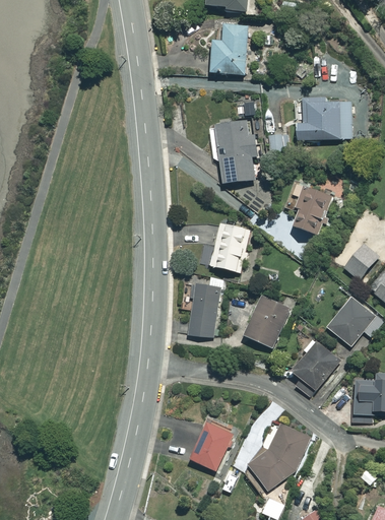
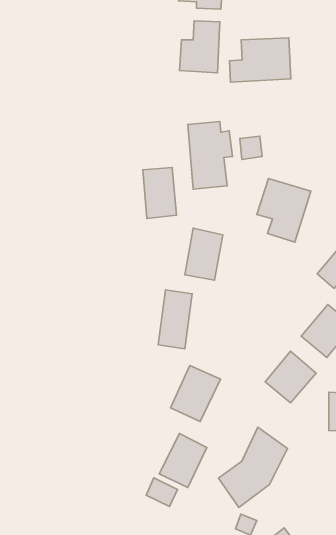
building: [294,99,352,141] -> [229,38,291,82]
building: none -> [143,167,176,218]
building: [243,295,291,348] -> [171,366,220,422]
building: none -> [146,478,177,506]

